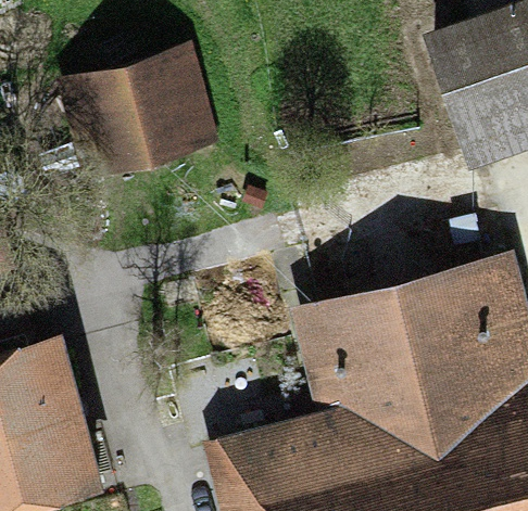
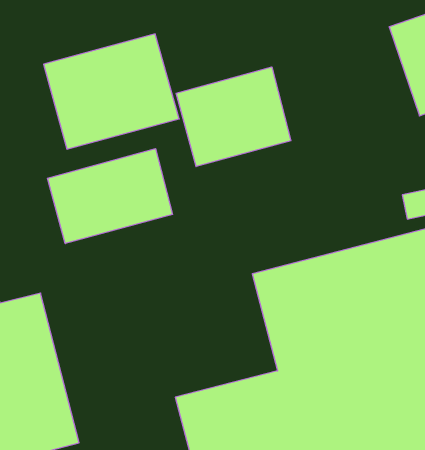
building: none -> [176,67,291,167]
building: none -> [47,149,172,244]

